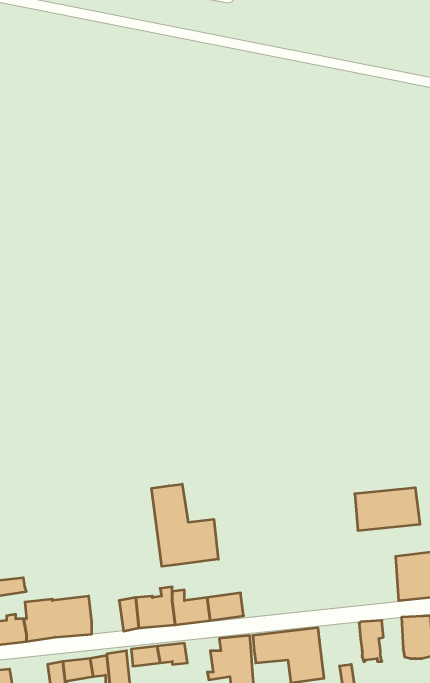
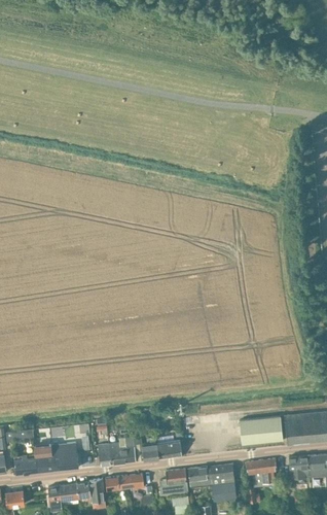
building: [152,484,218,566] -> none
building: [355,488,420,530] -> [239,416,283,445]

